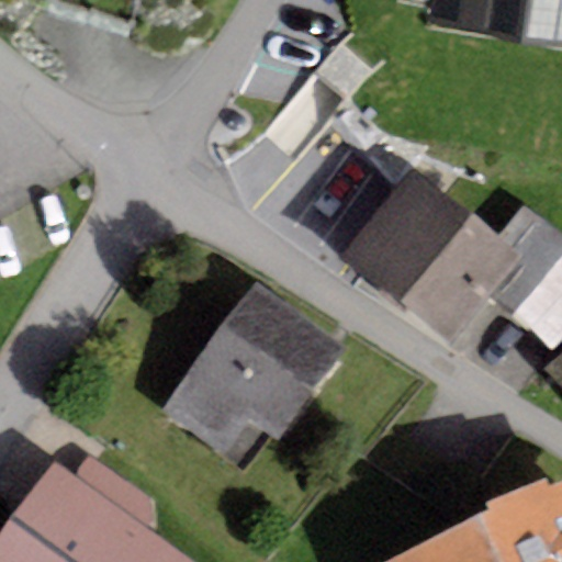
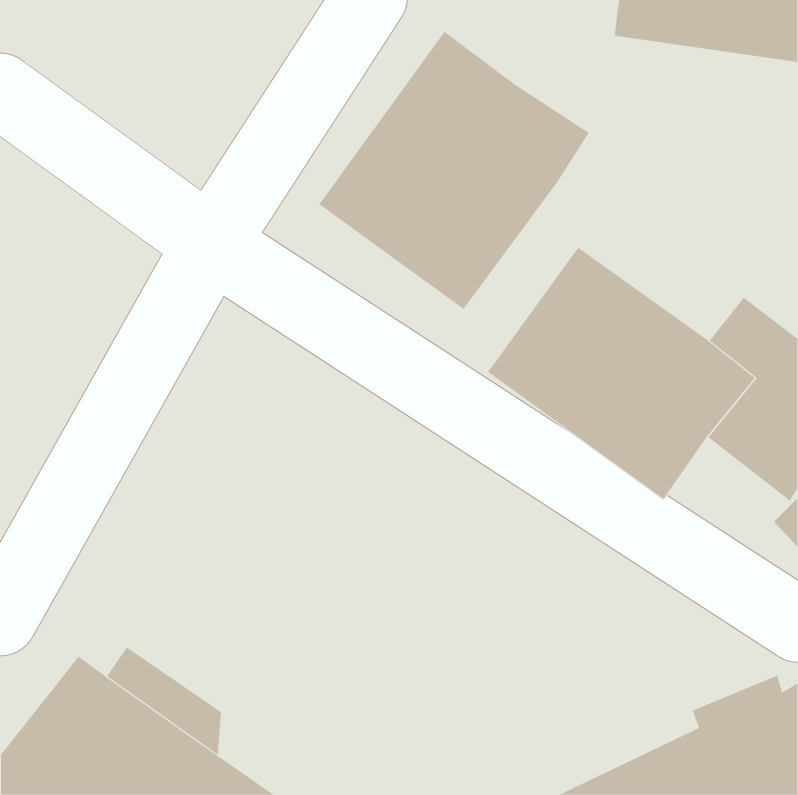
building: none -> [318,31,590,310]
building: [160,283,344,456] -> none

